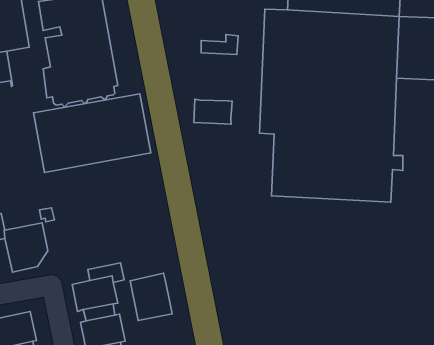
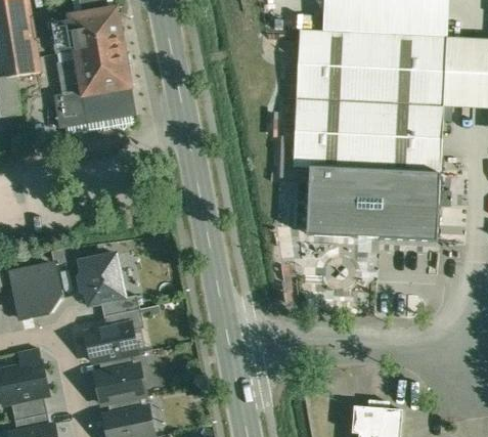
building: [201,35,238,54] -> none
building: [34,94,151,173] -> none
building: [194,99,232,124] -> none
building: none -> [85,255,124,302]
building: [130,273,172,321] -> none

